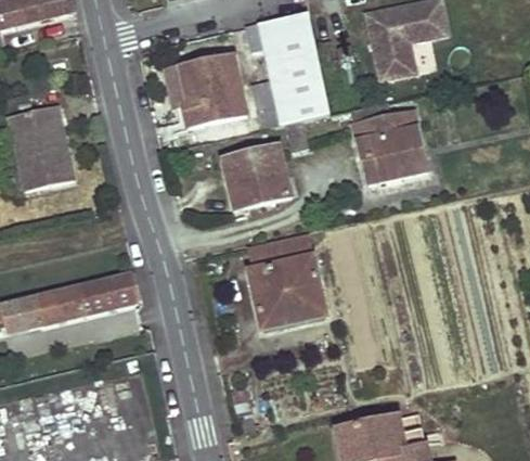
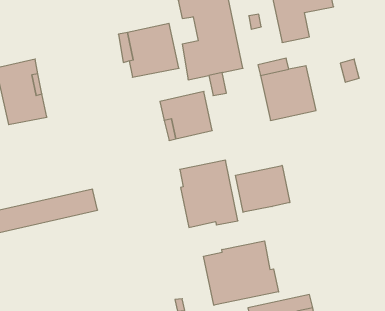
building: none -> [236,165,290,212]
building: none -> [204,241,279,305]

